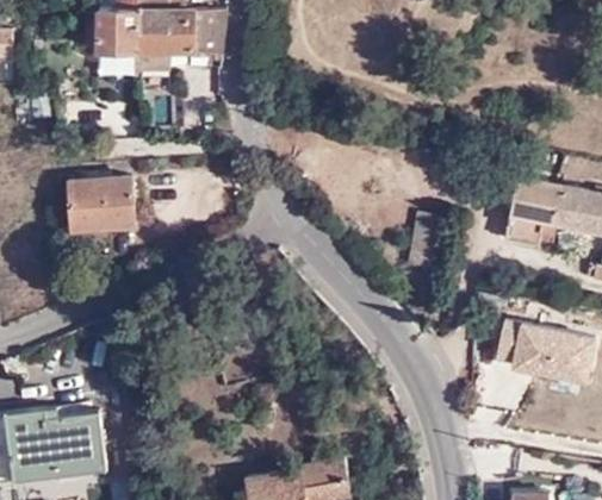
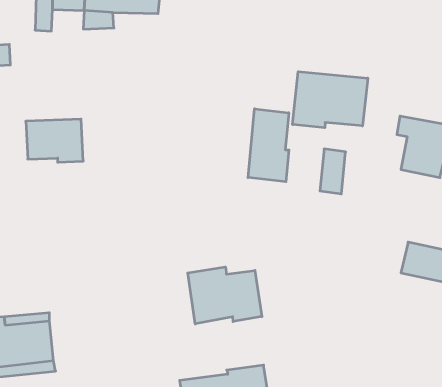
building: none -> [293,72,368,128]
building: none -> [248,109,289,182]
building: none -> [188,267,262,324]

